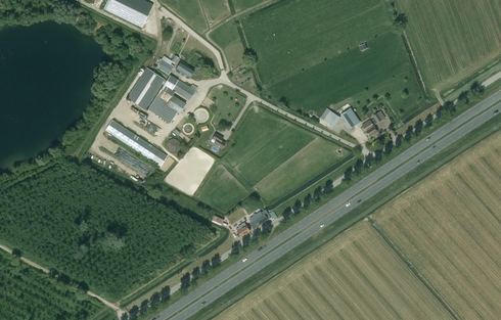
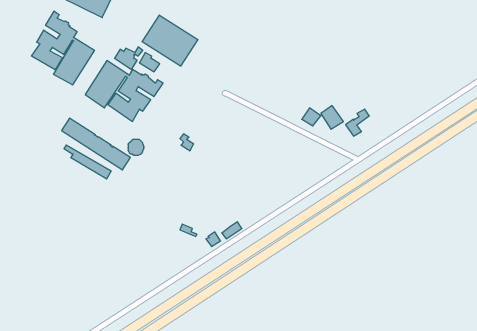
building: none -> [31,11,94,85]
building: none -> [142,15,198,66]

